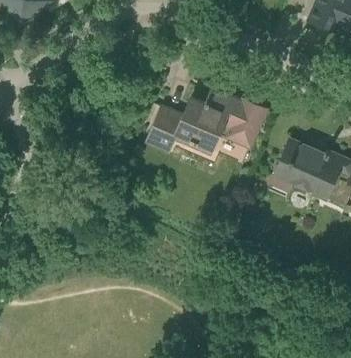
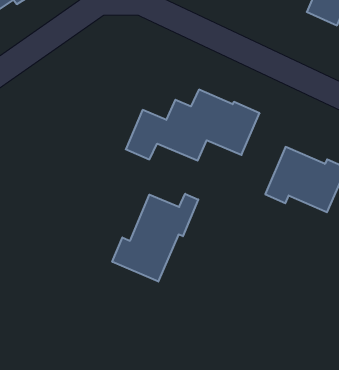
building: none -> [112,194,198,282]

